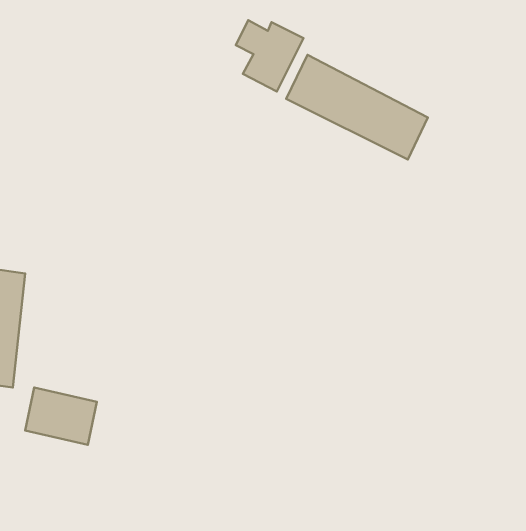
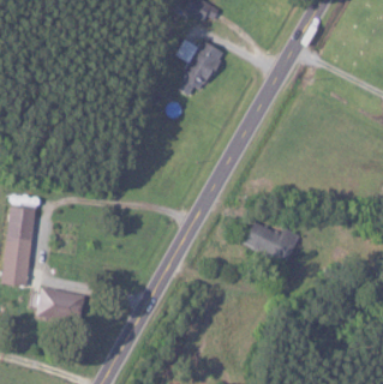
building: [286,55,428,160] -> none
building: none -> [243,220,300,264]

